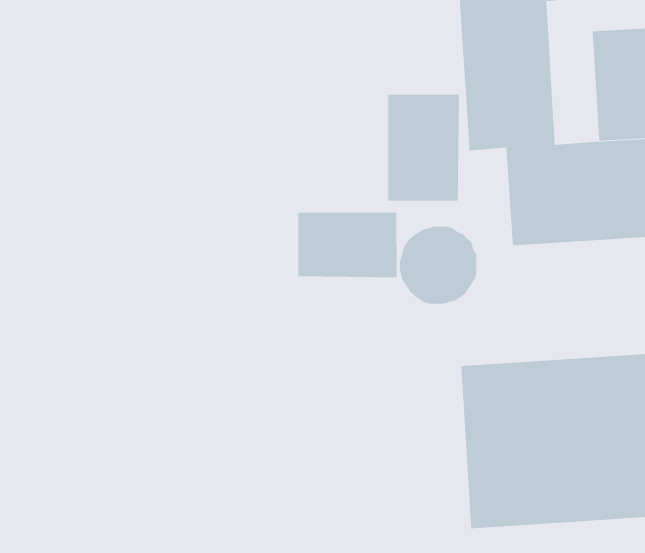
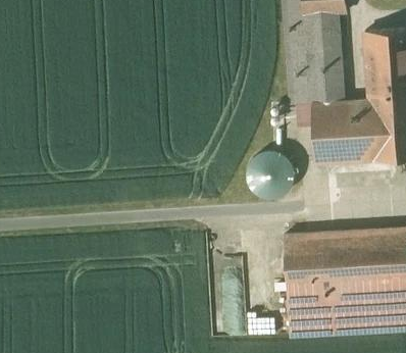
building: [388,94,459,202] -> none
building: [298,212,397,278] -> none

